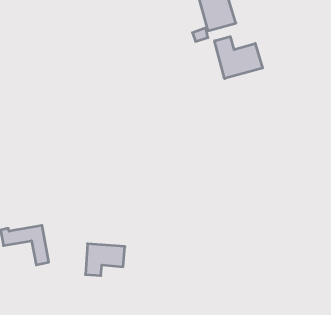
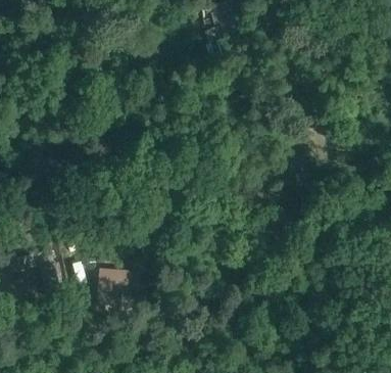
building: [215,37,263,79] -> none

